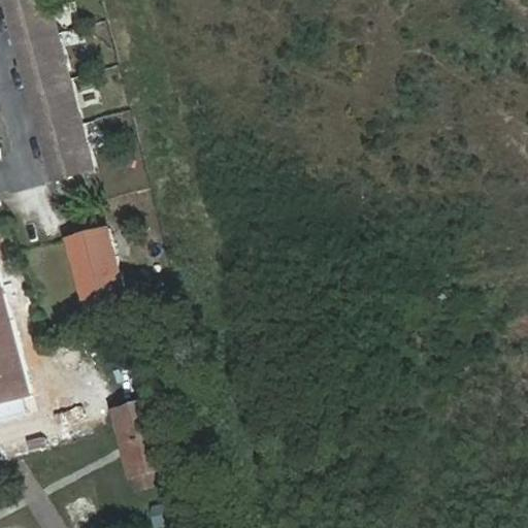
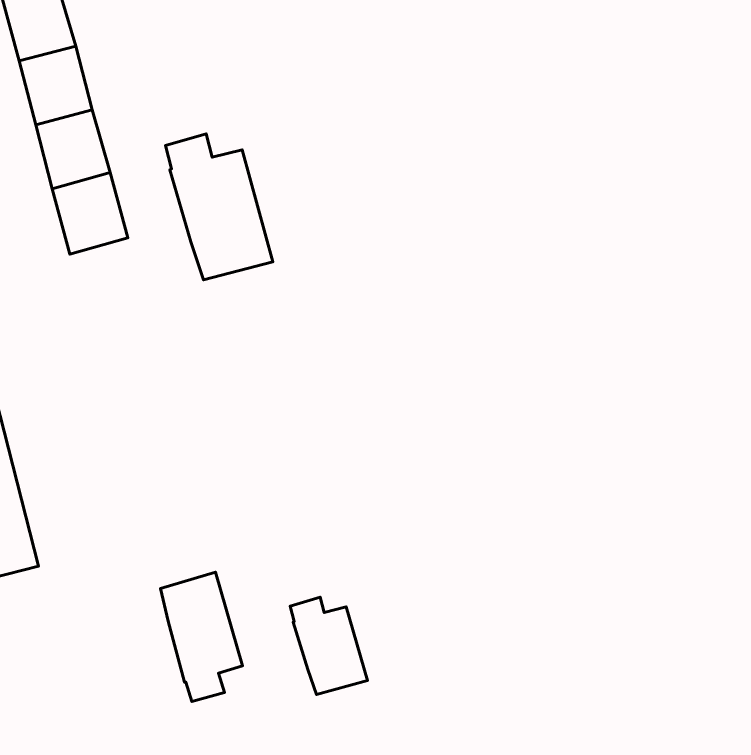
building: none -> [166,134,273,280]
building: [65,226,124,307] -> none
building: none -> [290,597,367,694]

